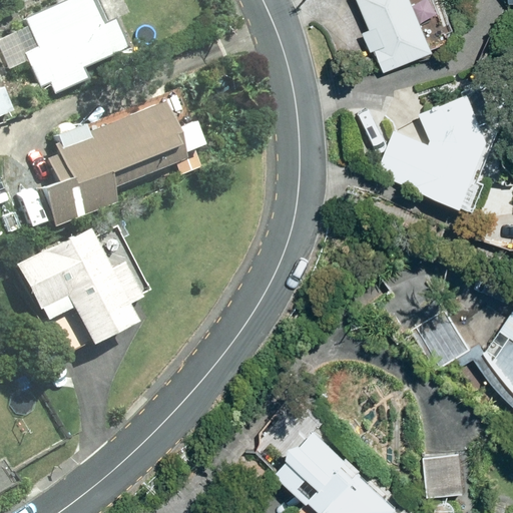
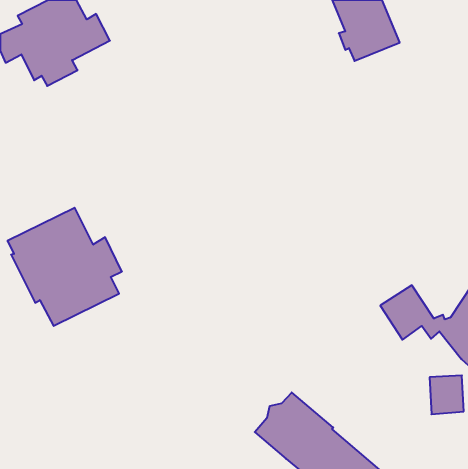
building: [381,89,496,203] -> none
building: [39,101,190,227] -> none
building: [429,454,466,496] -> [430,375,464,414]

